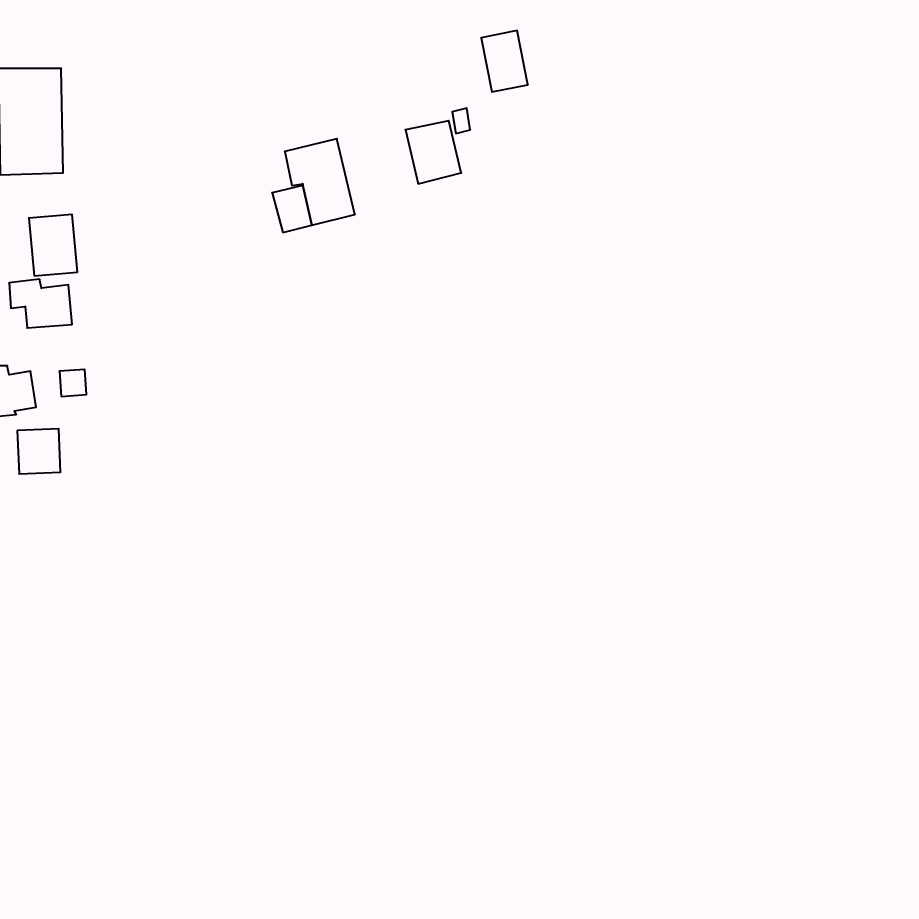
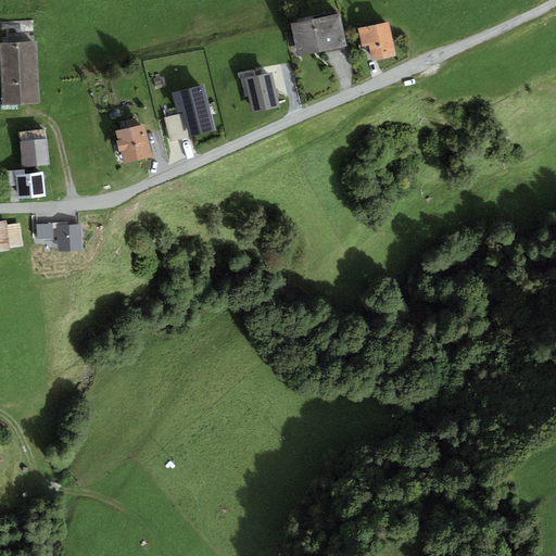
building: none -> [312,13,344,51]
building: none -> [357,22,394,61]
building: none -> [115,117,151,163]
building: [17,429,61,474] -> [55,224,81,251]

